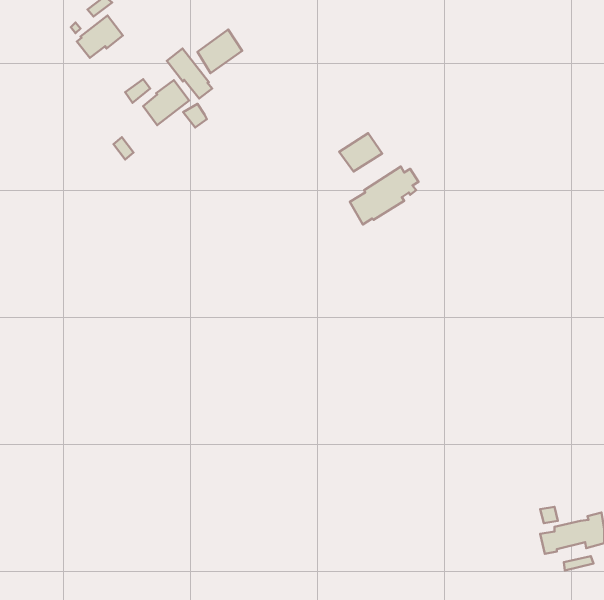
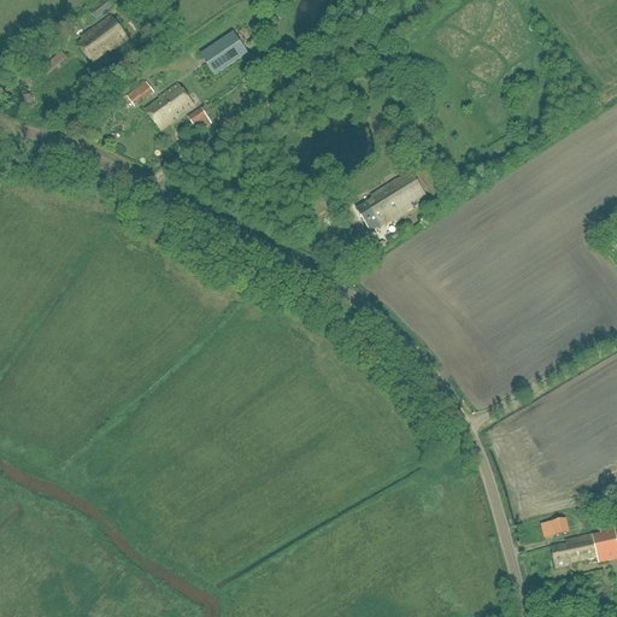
building: [167,48,212,99] -> none
building: [339,133,382,171] -> none

